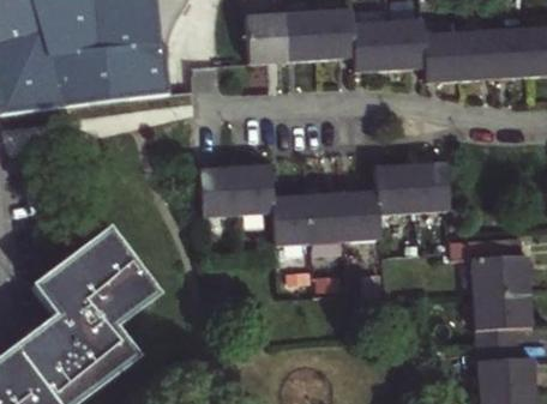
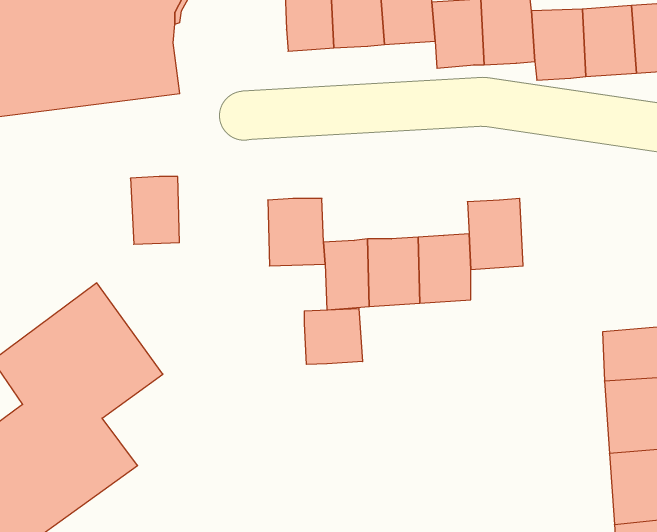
building: [411,165,447,215] -> none
building: [199,168,234,216] -> [130,177,179,244]
building: none -> [304,308,363,364]

